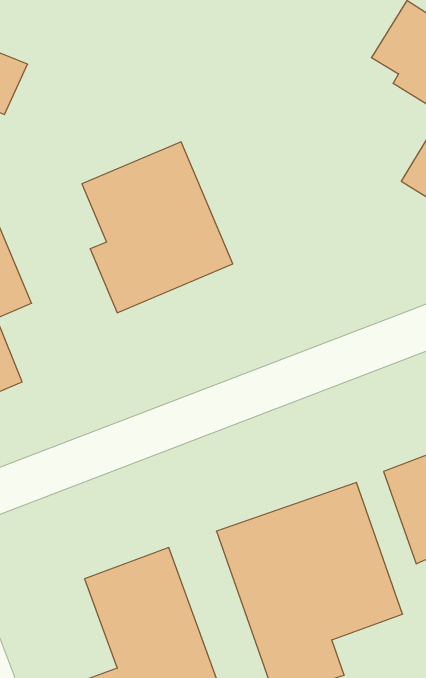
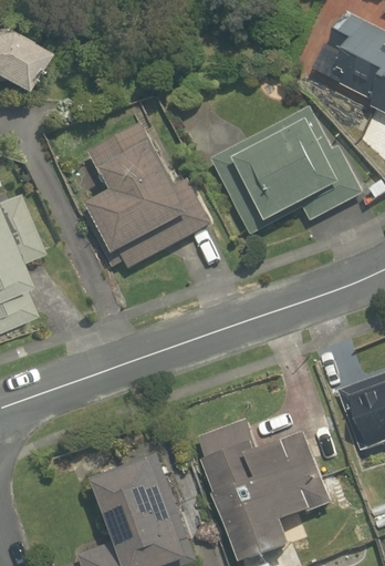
building: none -> [211,111,362,243]

